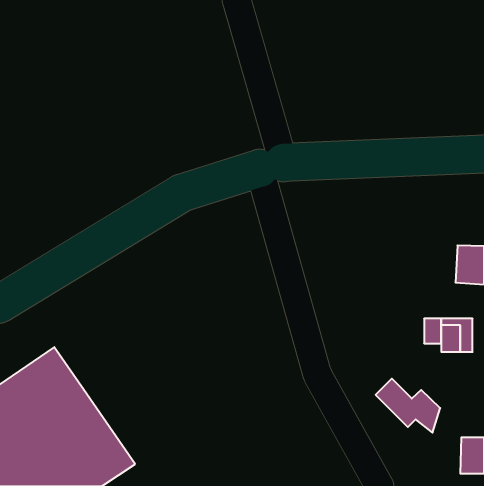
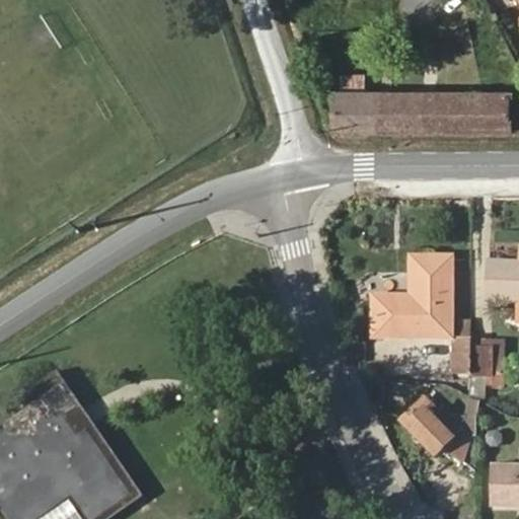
building: none -> [331,75,511,134]
building: none -> [372,257,451,338]

